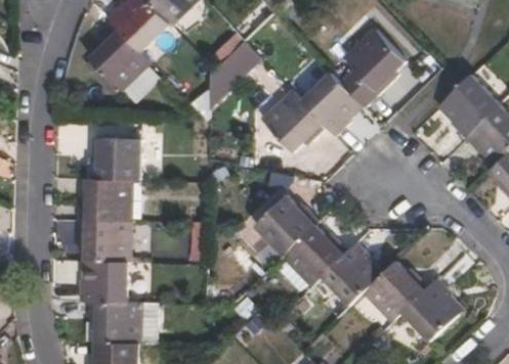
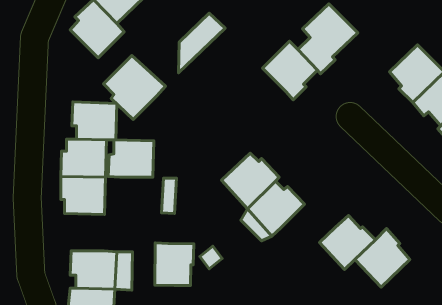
building: none -> [104,56,165,119]
building: [261,91,327,153] -> none
building: [322,243,381,307] -> none
building: [78,261,128,302] -> [108,140,154,177]
building: none -> [155,243,194,285]

